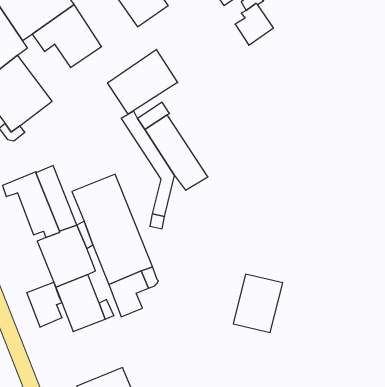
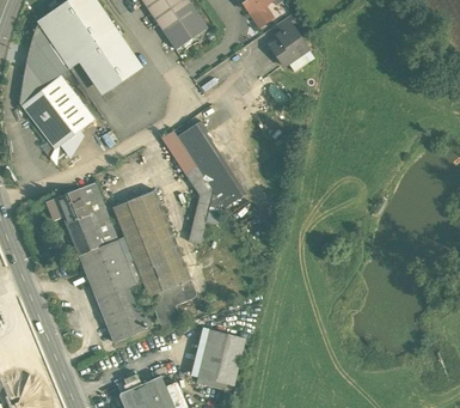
building: [108,49,178,114] -> none
building: [233,274,283,332] -> [197,330,245,386]
building: [27,282,62,327] -> none

